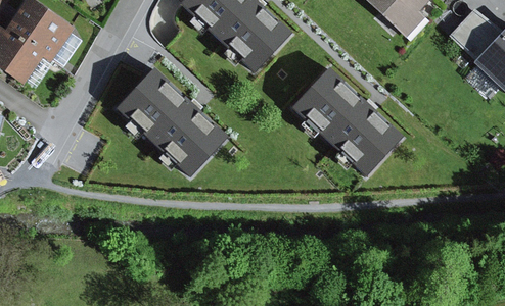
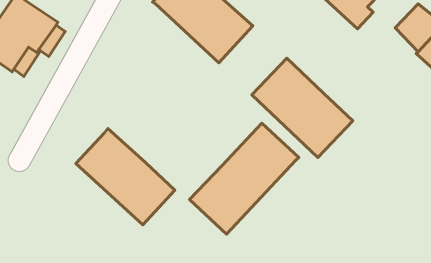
building: [116,68,226,175] -> [76,128,175,225]
building: none -> [190,123,299,234]

